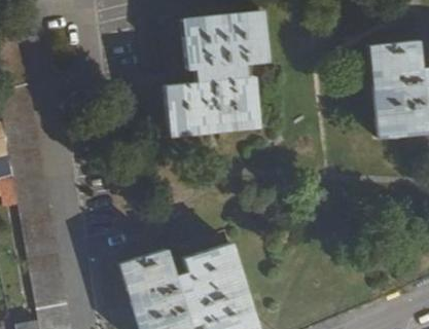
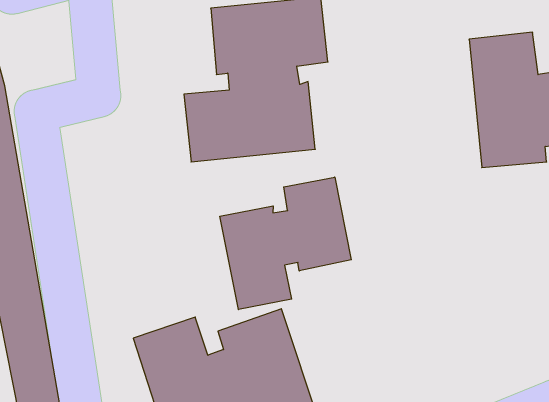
building: none -> [220,177,351,310]

